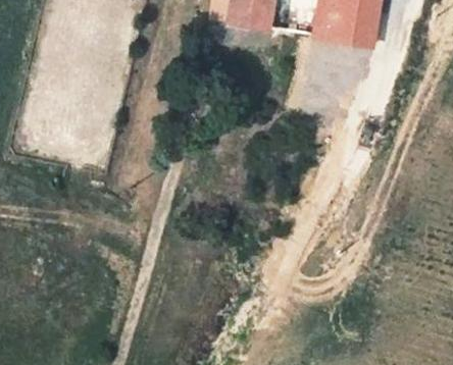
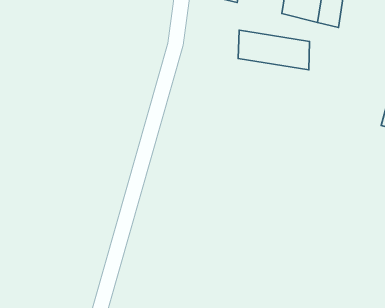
building: none -> [238,30,310,70]

